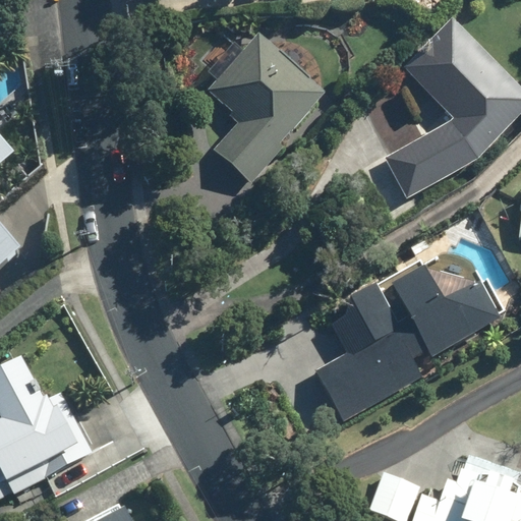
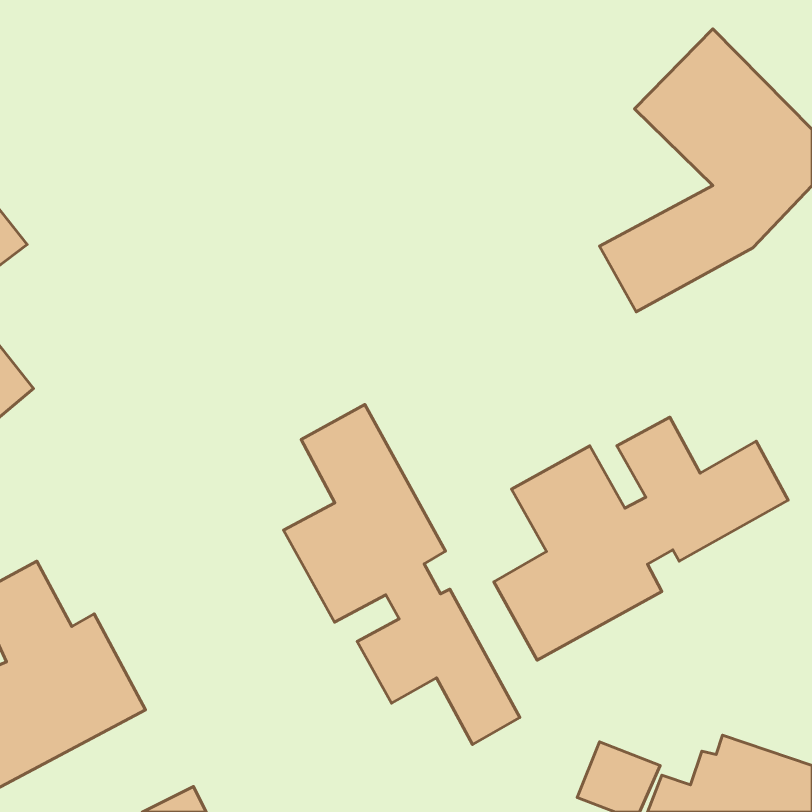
building: [208,33,328,183] -> none
building: none -> [284,405,520,745]

